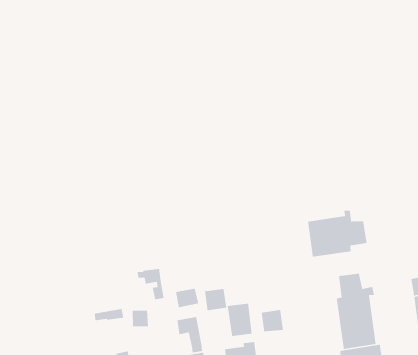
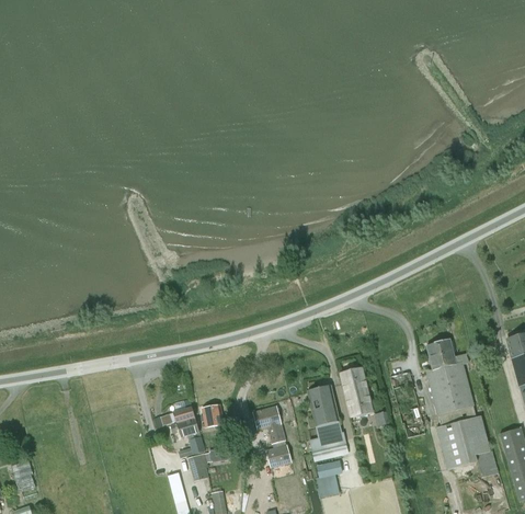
building: [307,210,367,258] -> none
building: [137,268,165,300] -> [170,418,204,454]
building: [175,288,199,308] -> none
building: [204,288,227,311] -> [340,367,367,395]

